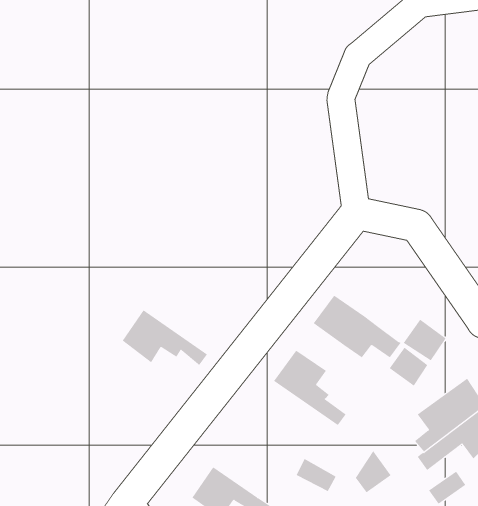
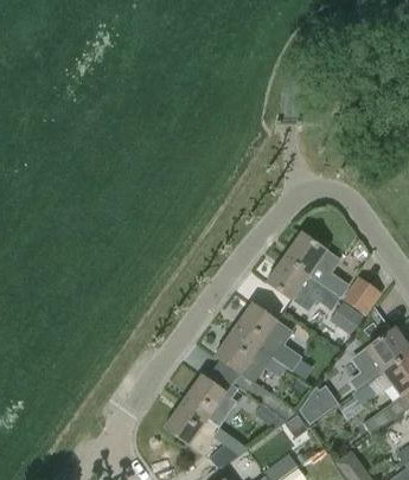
building: none -> [285,232,349,296]
building: [122,310,208,366] -> [216,329,288,377]
building: none -> [183,375,238,428]

